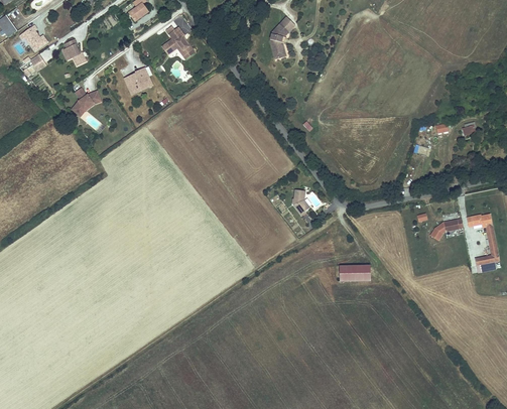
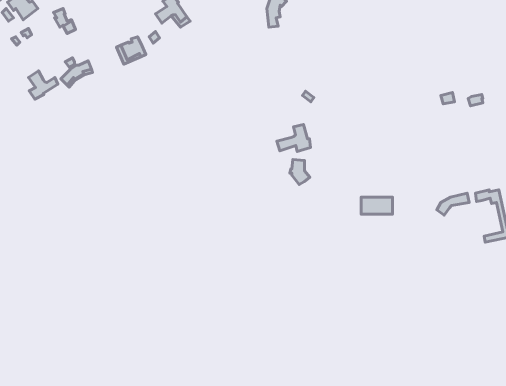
building: none -> [28,71,58,99]
building: none -> [277,125,311,152]
building: [341,265,371,281] -> [361,197,393,214]

